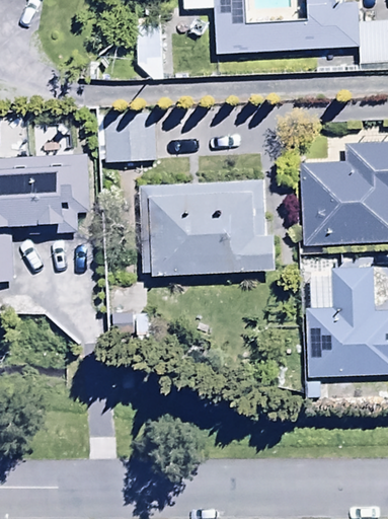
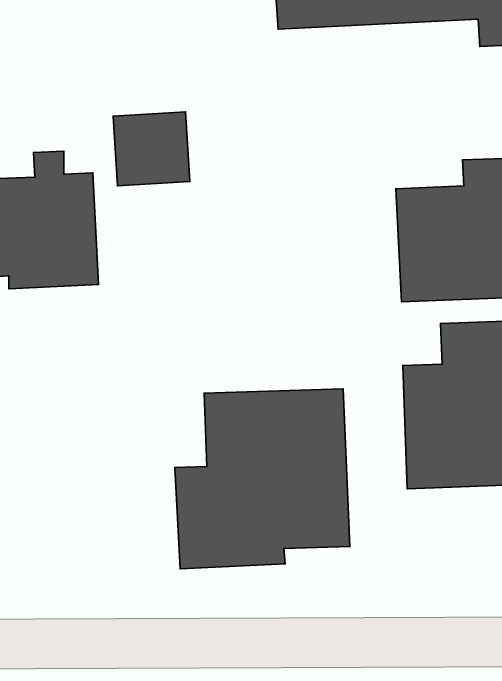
building: [138,182,274,277] -> none
building: none -> [175,389,350,569]

